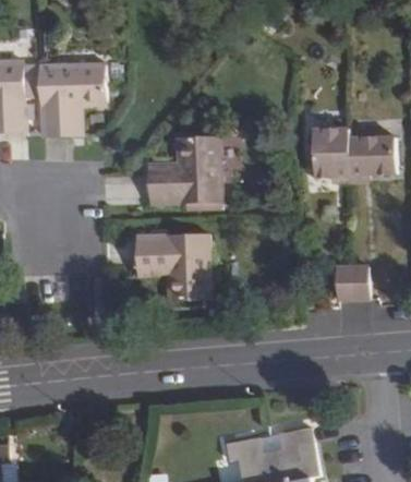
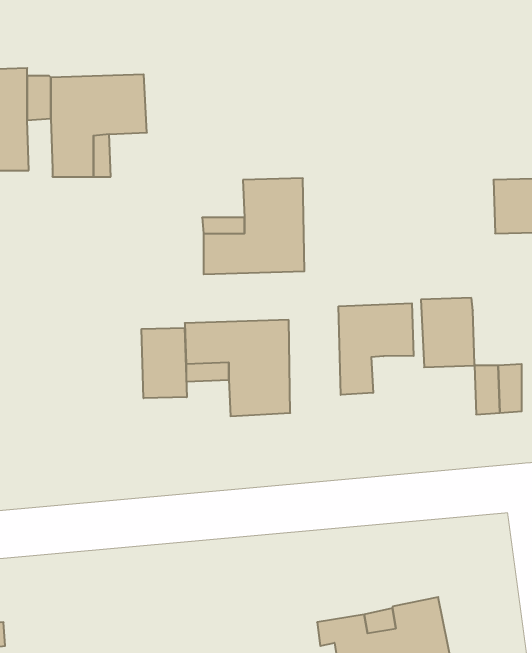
building: [312,129,349,177] -> [421,298,475,367]
building: none -> [339,303,414,395]
building: none -> [142,328,187,398]

